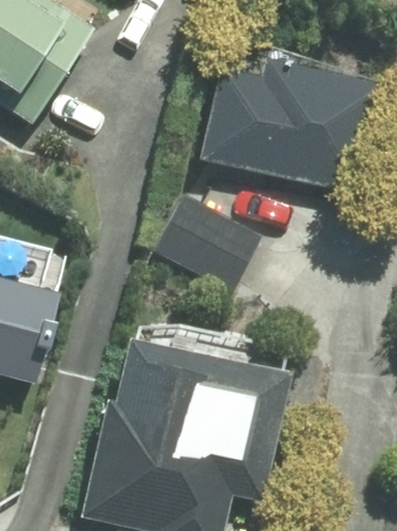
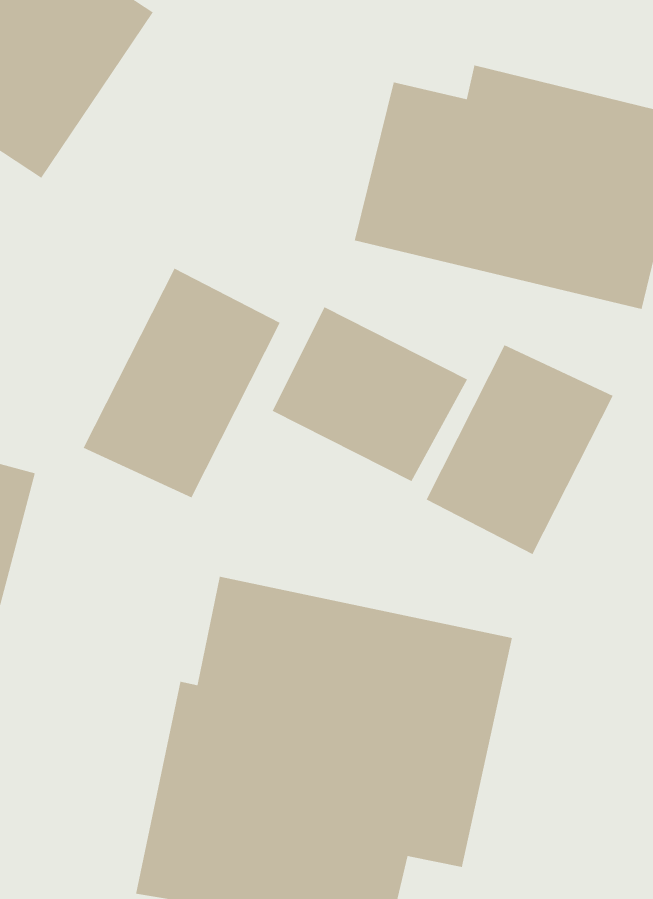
building: none -> [83,267,281,498]
building: none -> [425,344,614,555]

